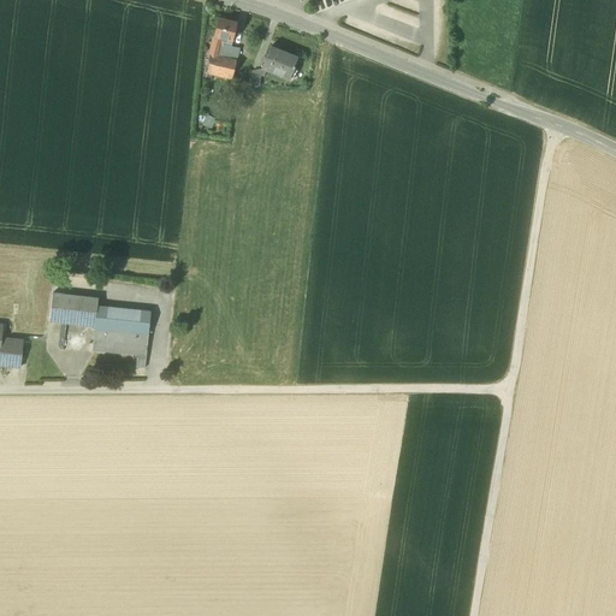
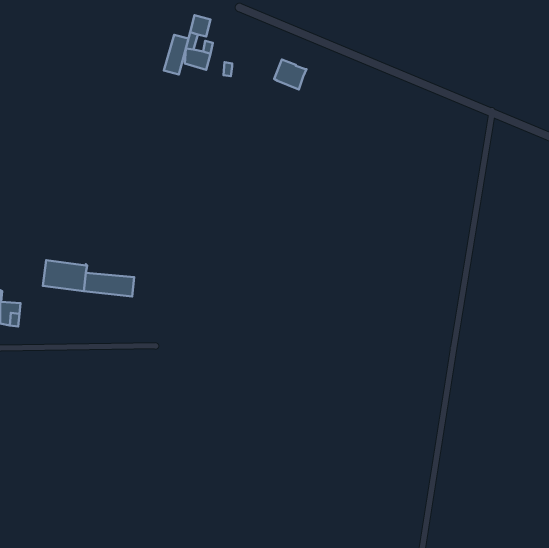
building: none -> [164,35,189,74]
building: [261,46,297,79] -> [274,59,306,90]
building: [91,326,148,367] -> none

